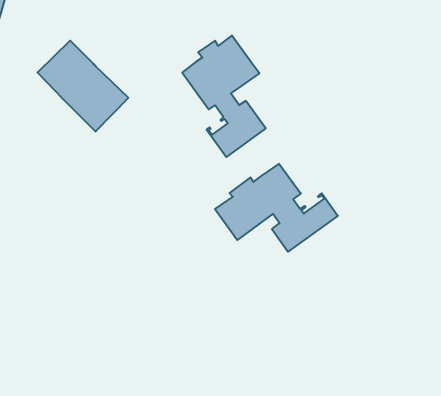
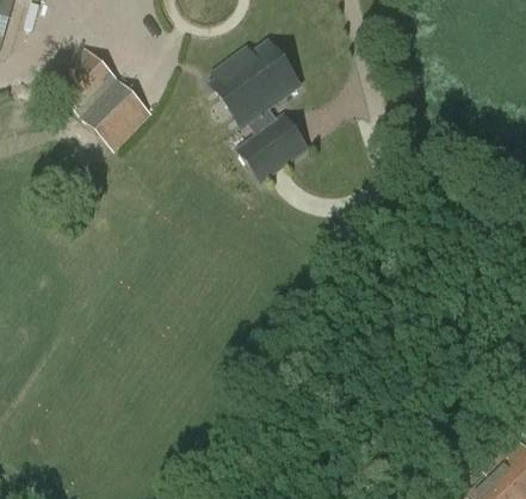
building: [215,164,338,252] -> none

